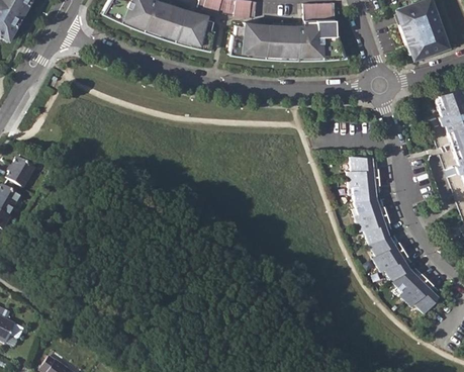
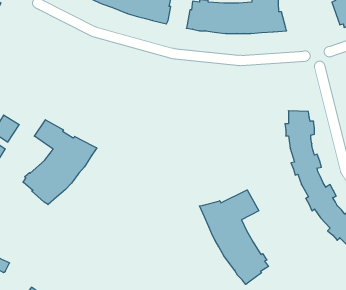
building: none -> [23,120,97,205]
building: none -> [199,190,268,284]

